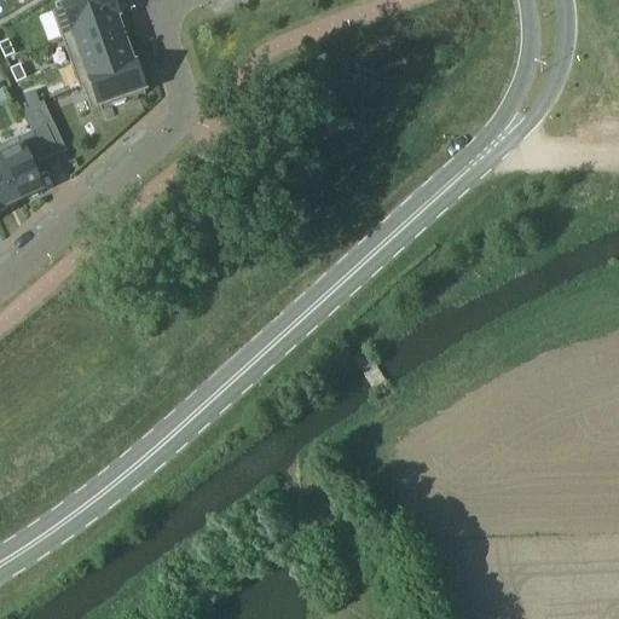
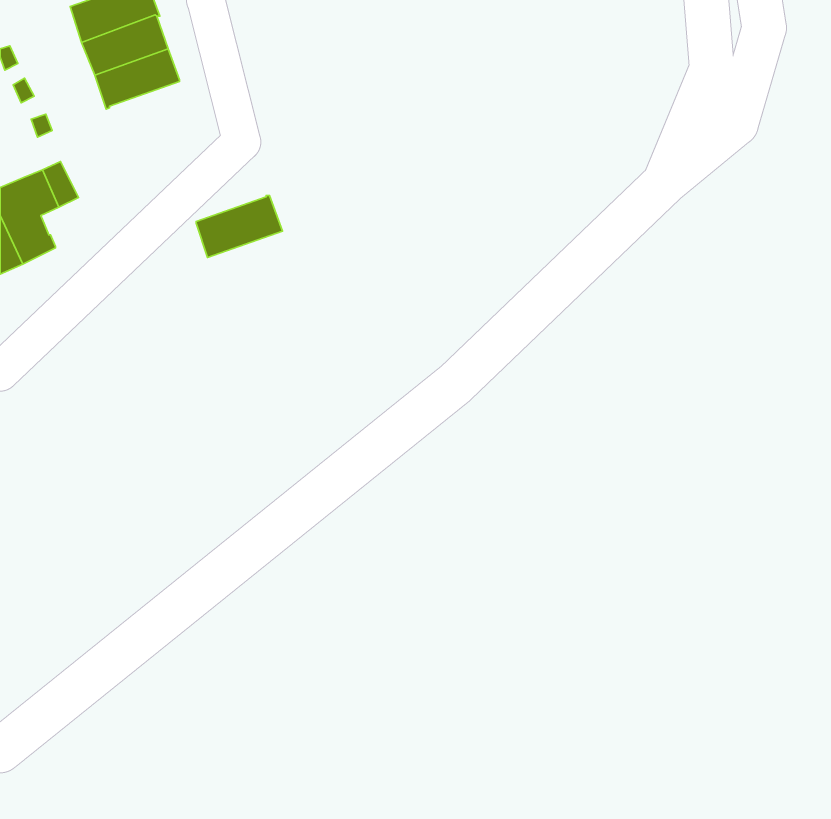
building: [83,59,147,105] -> [196,195,283,257]

